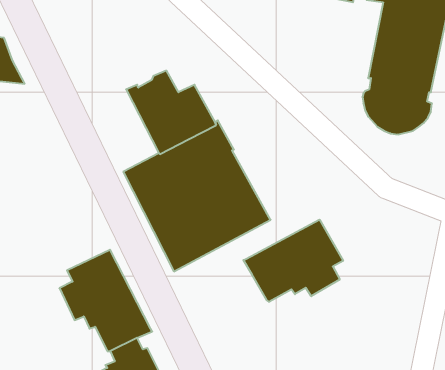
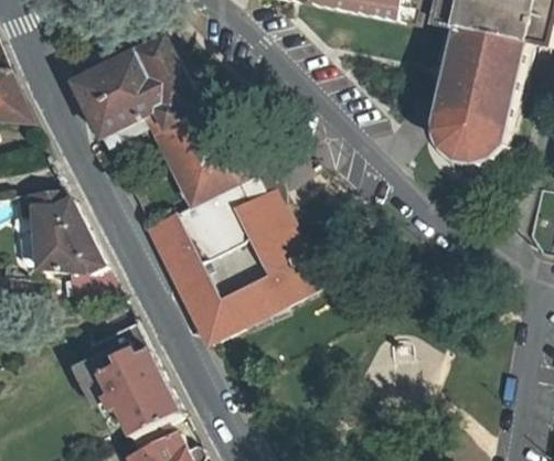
building: none -> [71,32,196,146]
building: none -> [17,189,117,296]
building: [243,220,343,302] -> none

